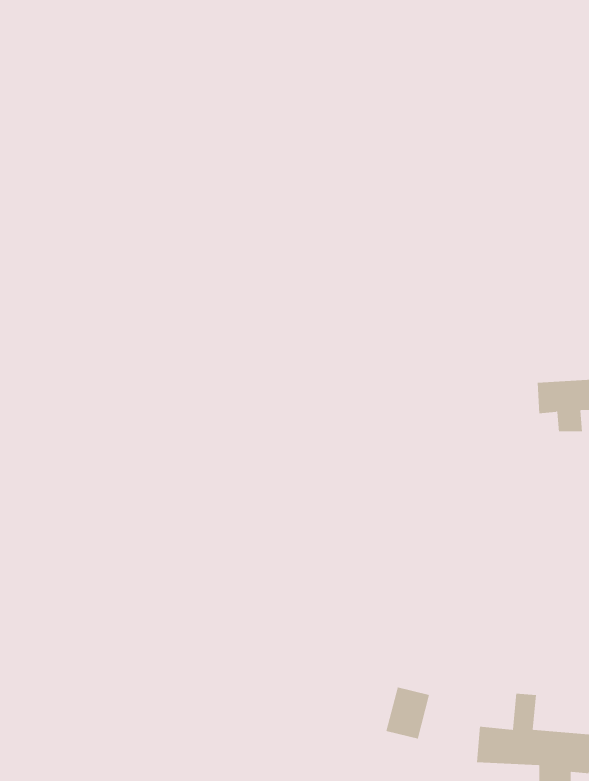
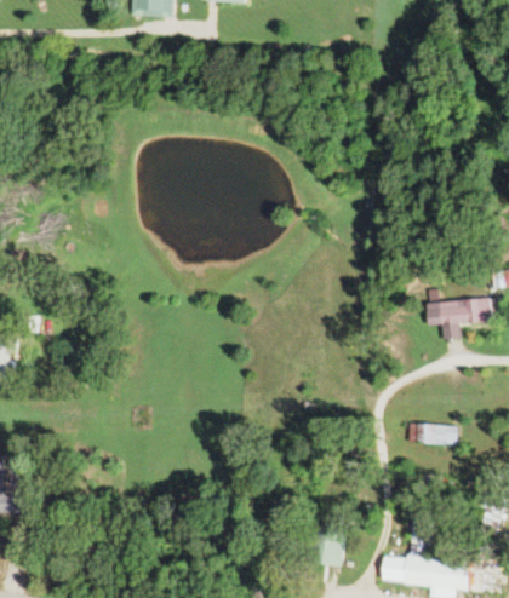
building: none -> [410,424,457,444]

